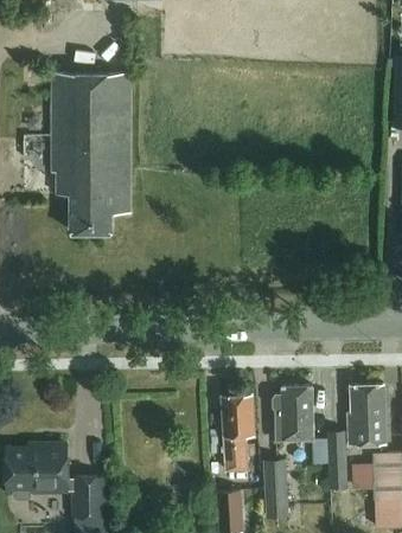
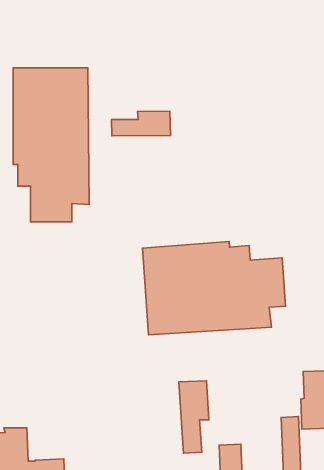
building: none -> [112,111,171,136]
building: none -> [143,242,286,335]
building: [272,386,312,441] -> none

